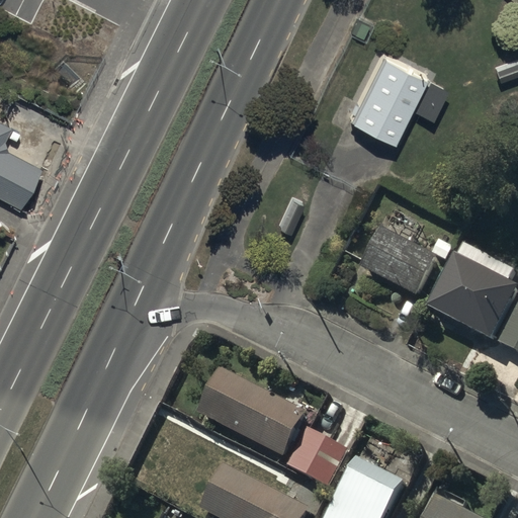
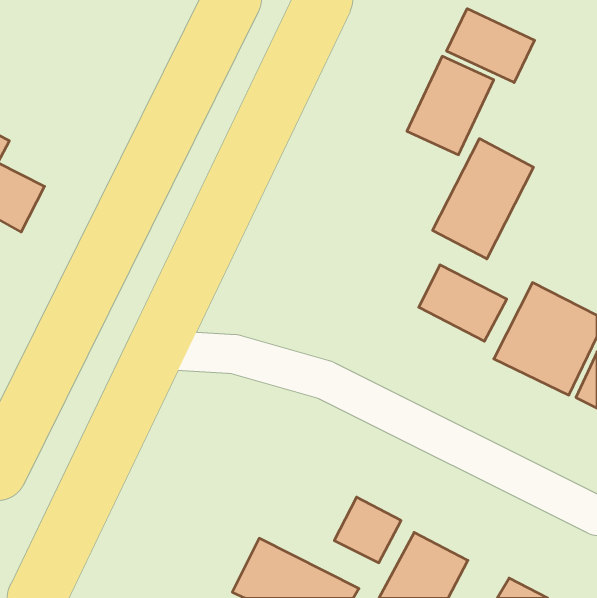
building: none -> [447,9,535,83]
building: none -> [433,139,533,259]
building: [199,370,308,457] -> none

